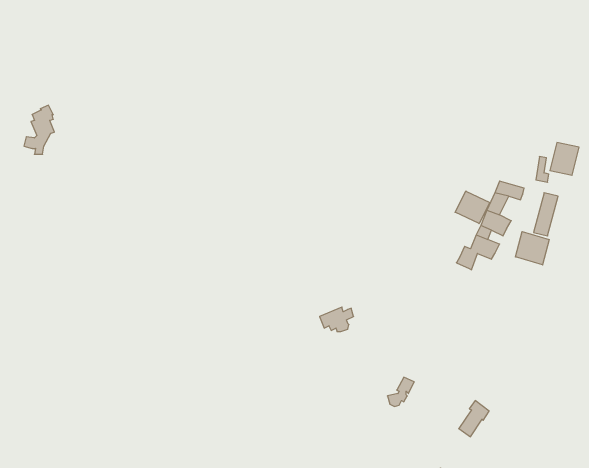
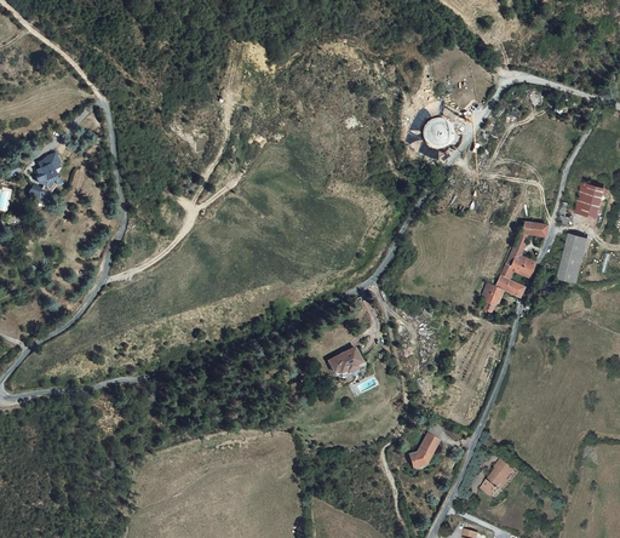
building: none -> [421,110,453,141]
building: [455,191,490,224] -> none
building: [515,232,549,265] -> none

